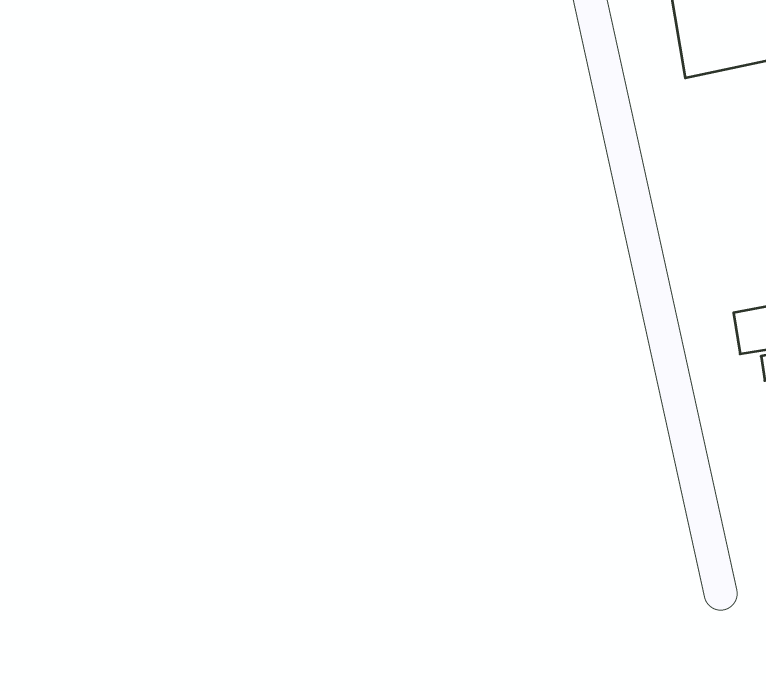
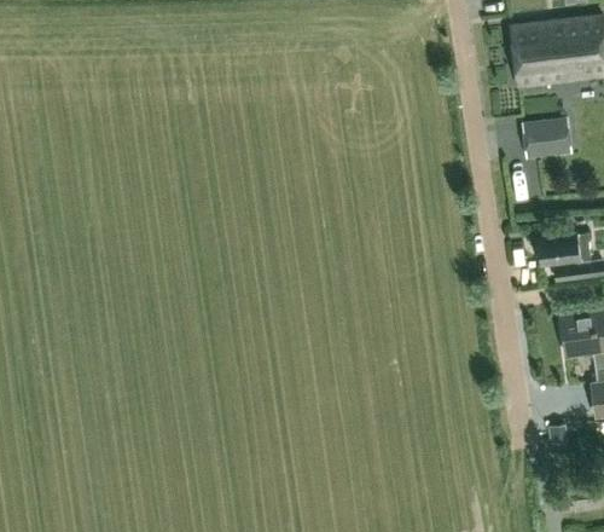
building: none -> [524,121,557,157]

